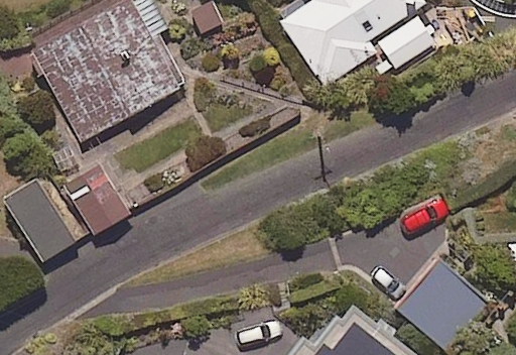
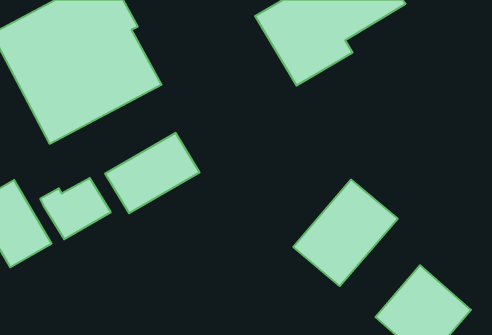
building: none -> [105,133,199,213]
building: none -> [293,180,398,286]

